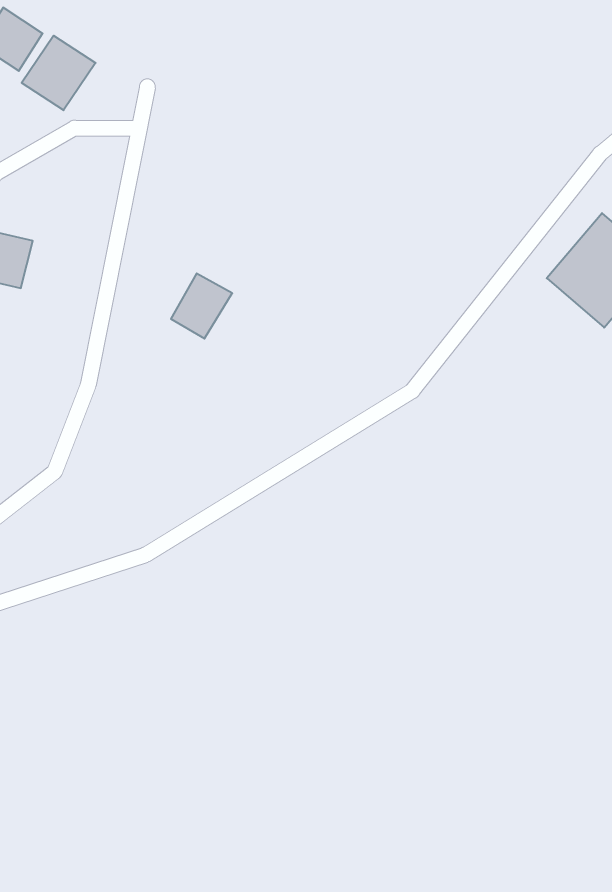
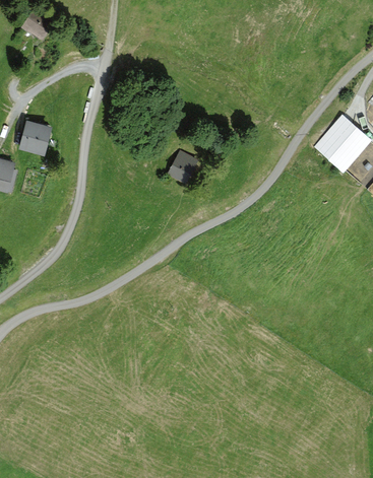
building: [22,36,96,110] -> none
building: [171,273,232,339] -> [167,150,198,184]

